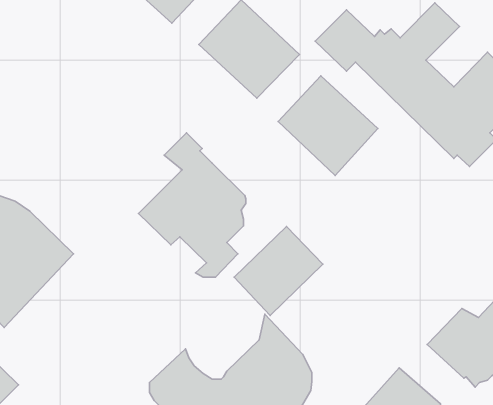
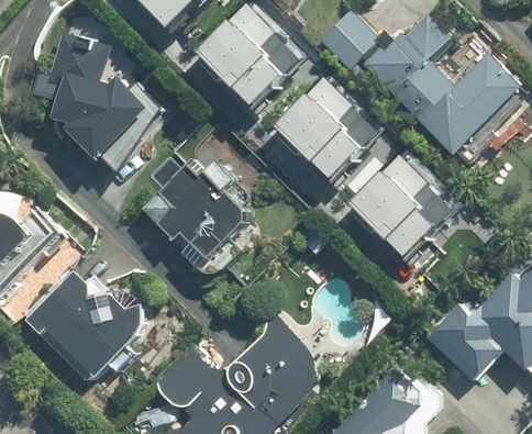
building: none -> [26,35,153,162]
building: none -> [355,152,458,254]
building: [234,227,323,316] -> none
building: none -> [21,272,143,381]

